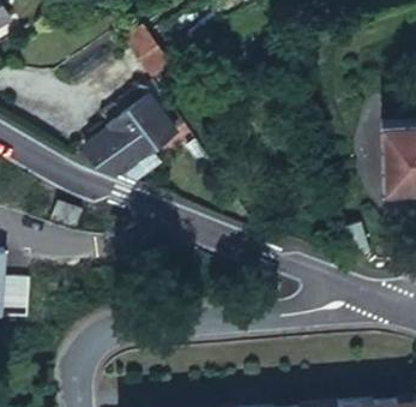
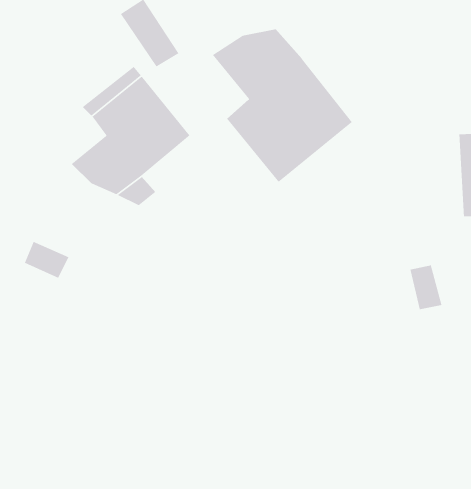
building: none -> [212,28,353,183]

